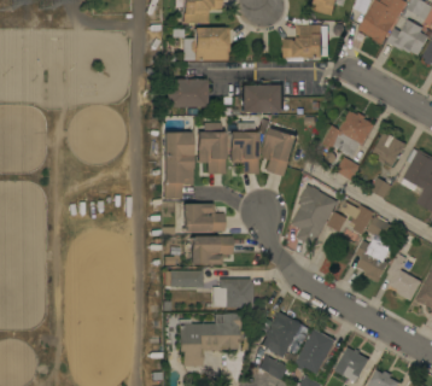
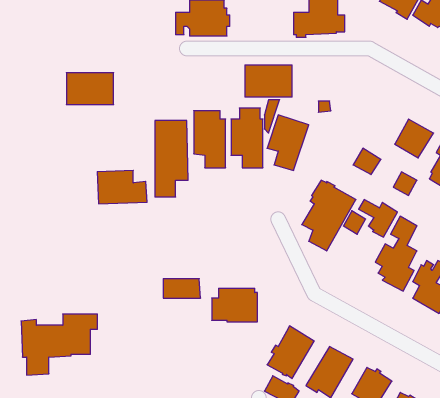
building: [165,80,206,107] -> [66,73,114,105]
building: [322,111,374,157] -> none
building: [181,203,224,232] -> [97,170,147,204]
building: [189,236,232,264] -> none
building: [177,314,244,367] -> [21,314,97,375]

